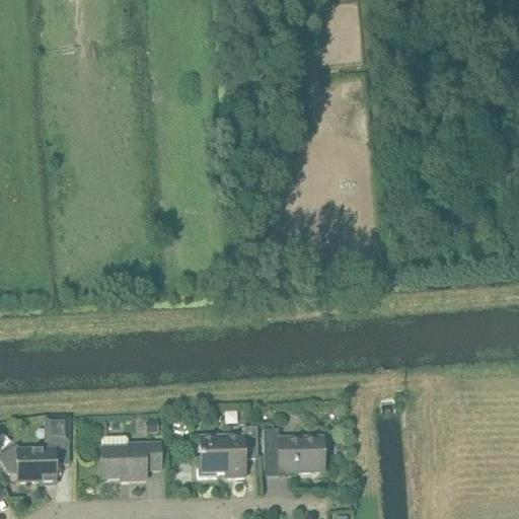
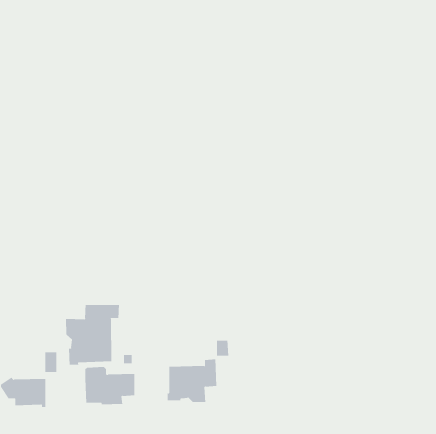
building: none -> [65,304,119,366]
building: [264,429,324,472] -> none

